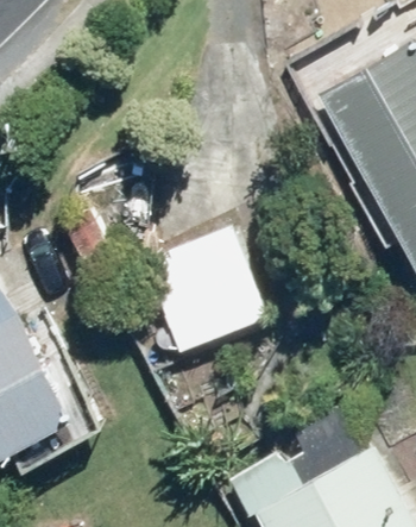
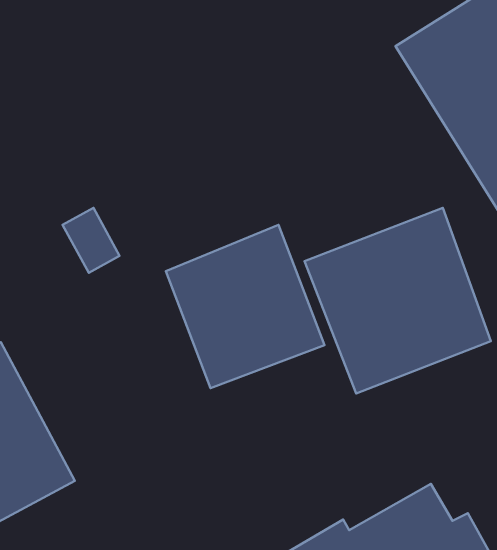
building: none -> [305,208,491,393]

